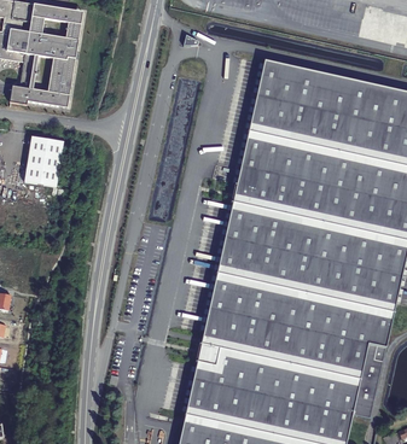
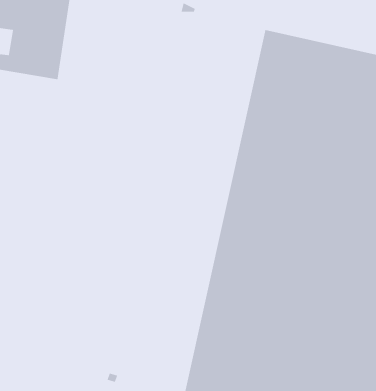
building: [24,135,64,186] -> none

